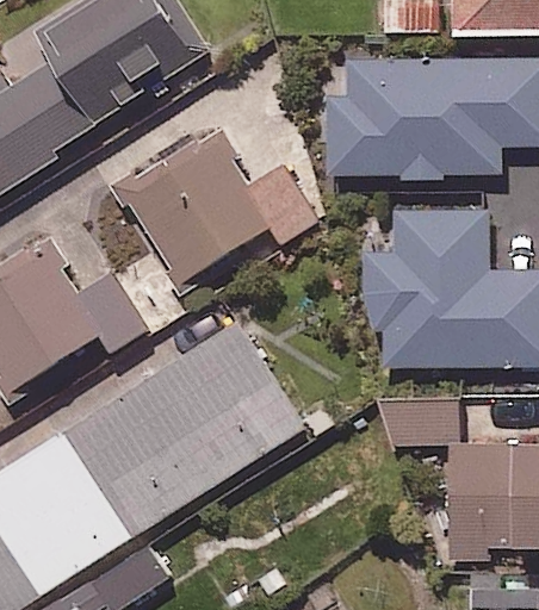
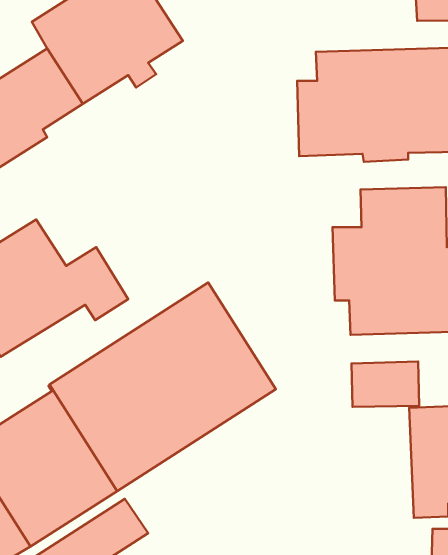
building: [122,131,321,280] -> none

